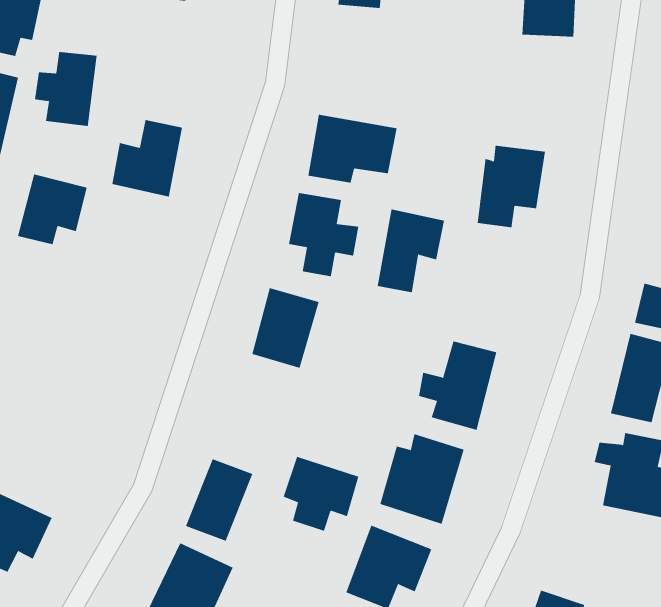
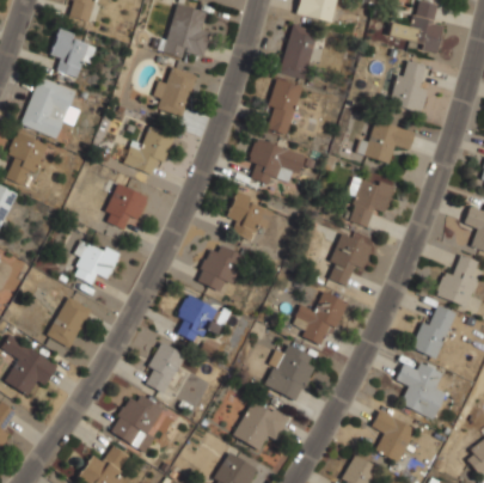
building: none -> [263,78,302,134]
building: [34,51,98,127] -> [154,68,197,117]
building: none -> [357,121,415,163]
building: [17,174,88,245] -> [102,183,149,228]
building: [377,209,445,293] -> [325,233,373,287]
building: none -> [72,237,121,283]
building: none -> [45,295,93,349]
building: [283,456,359,532] -> [176,294,225,343]
building: none -> [372,409,417,464]

